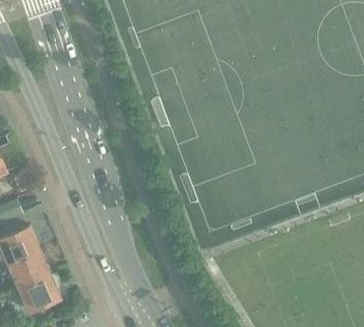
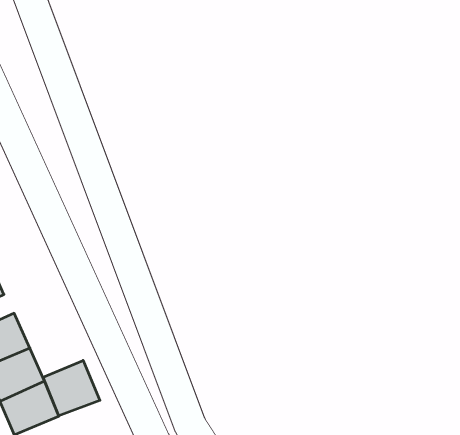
building: none -> [43,360,100,416]

